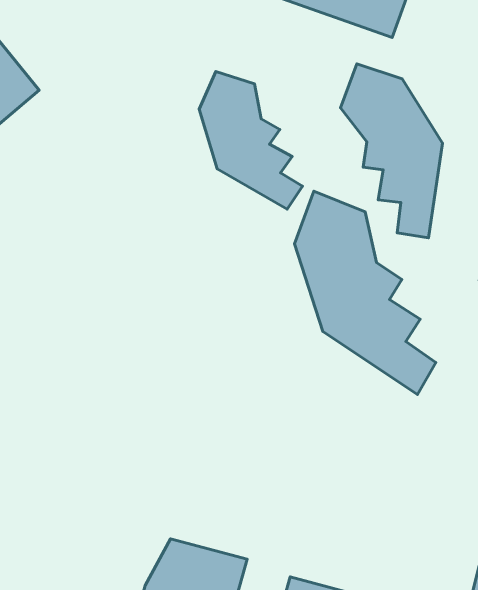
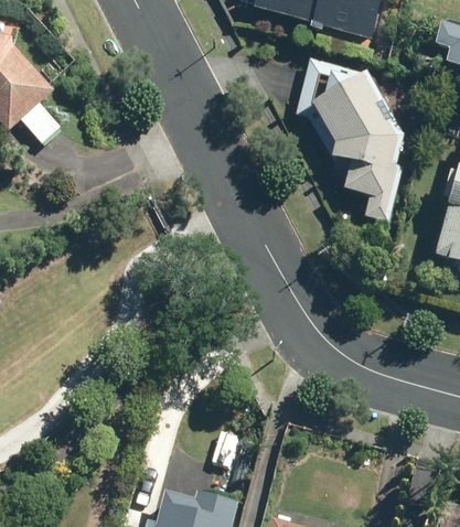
building: [199,72,302,209] -> none
building: [294,191,436,395] -> none

